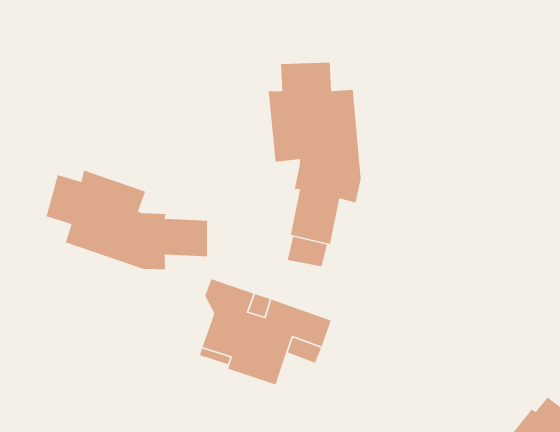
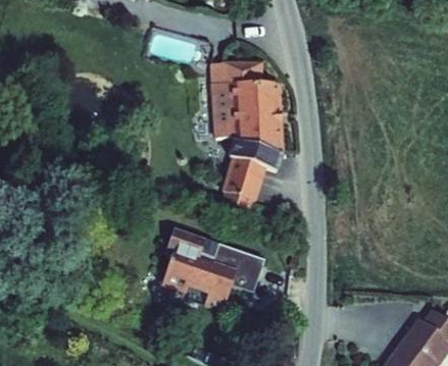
building: [46,170,209,270] -> none

